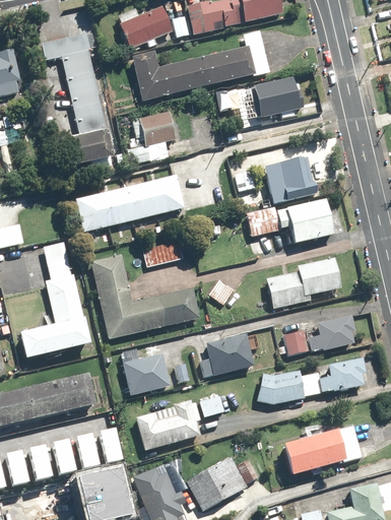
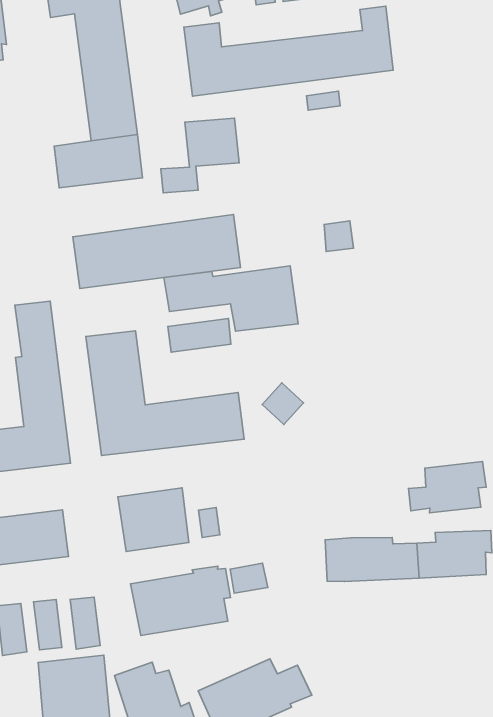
building: [238,75,304,120] -> none
building: [264,154,318,203] -> none
building: [246,198,335,244] -> [164,266,298,331]
building: [266,257,342,309] -> none
building: [283,331,309,355] -> none
building: [201,334,255,377] -> none
building: [284,426,363,474] -> none

